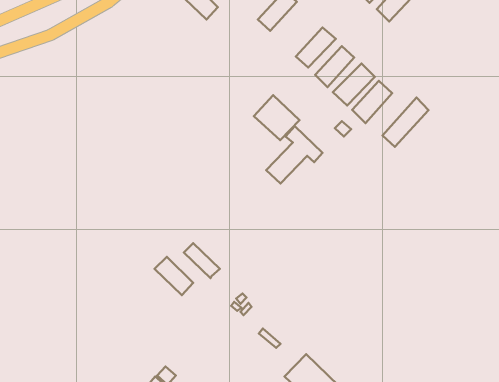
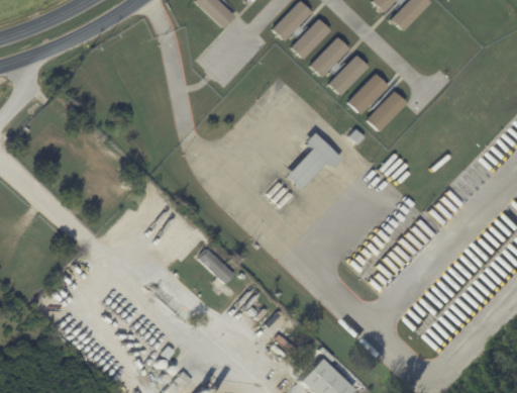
building: none -> [293,18,331,58]
building: [254,95,299,140] -> none
building: [383,97,429,147] -> none
building: [154,257,193,295] -> none

